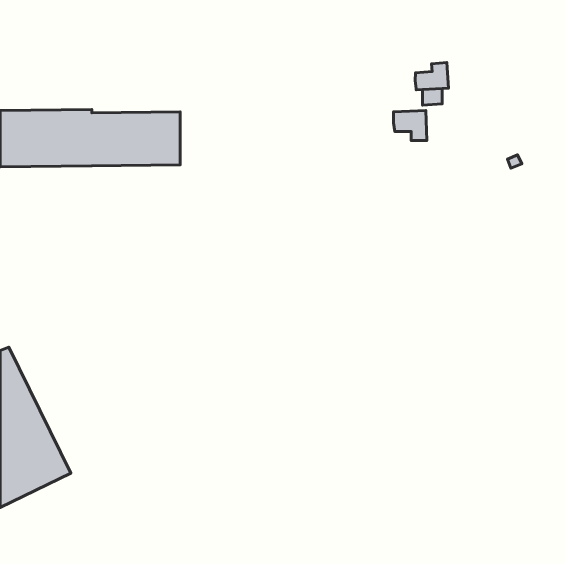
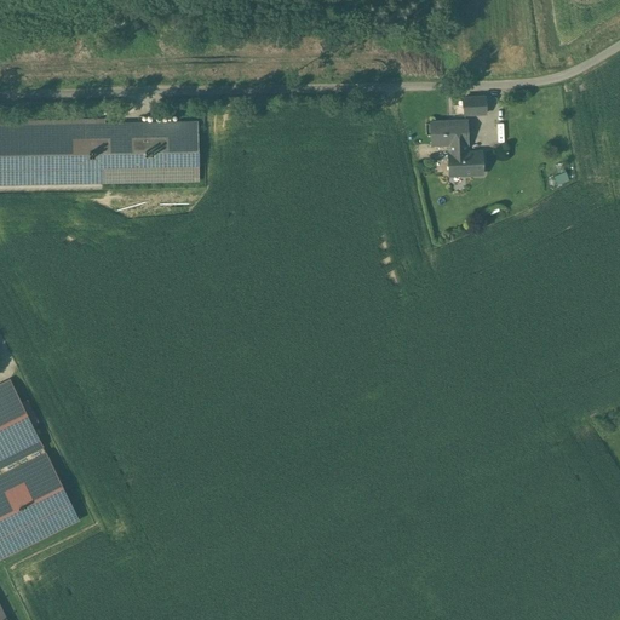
building: [415,62,448,90] -> none
building: none -> [448,154,482,177]

